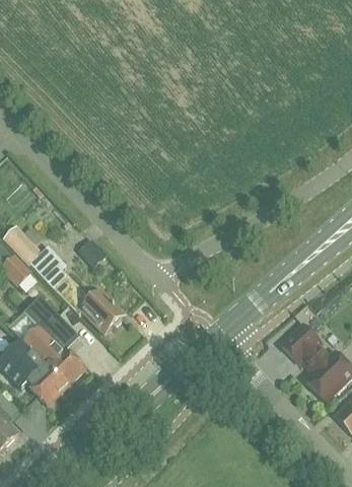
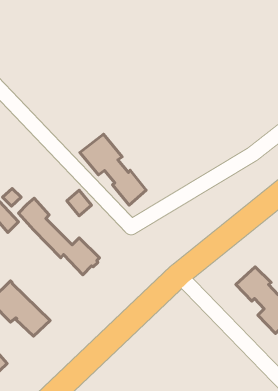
building: none -> [80,134,146,205]
building: [21,295,83,386] -> none

